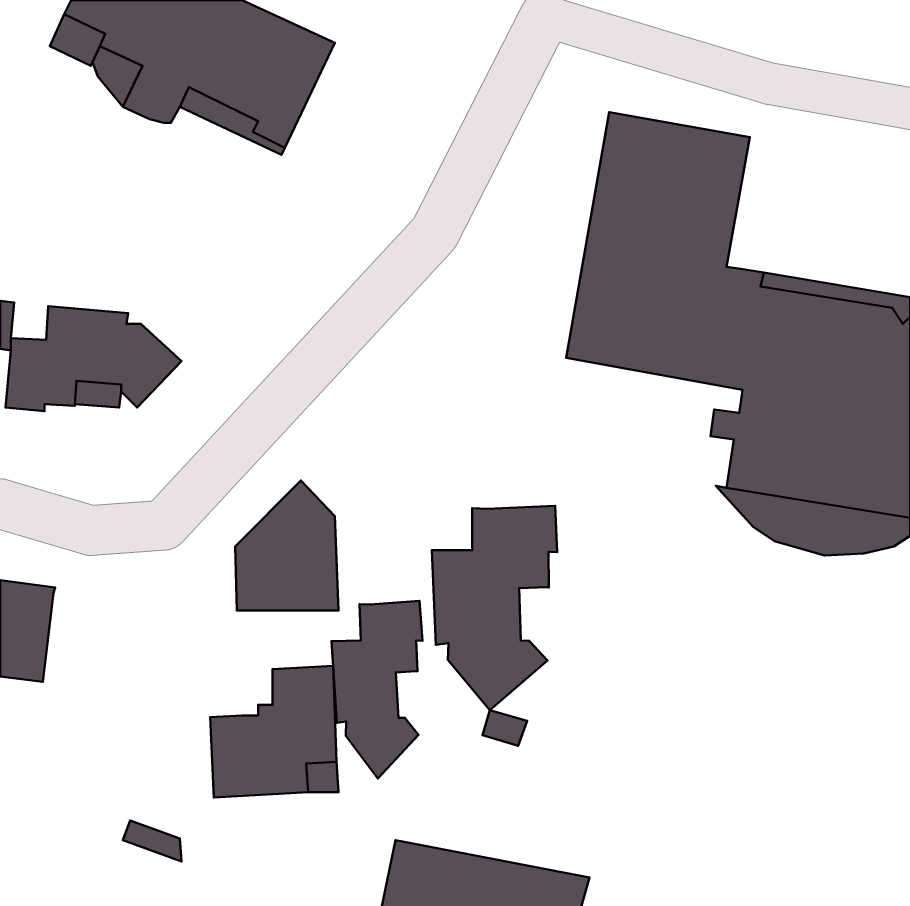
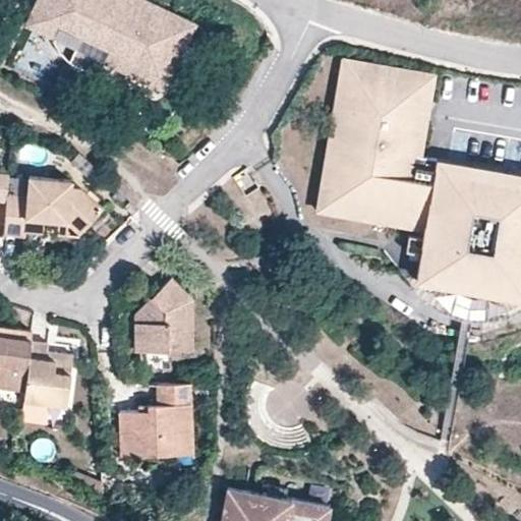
building: none -> [314,57,438,232]
building: [432,506,557,710] -> none
building: none -> [20,341,73,425]
building: [331,601,422,779] -> none

